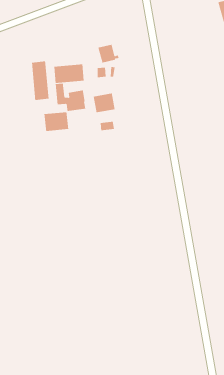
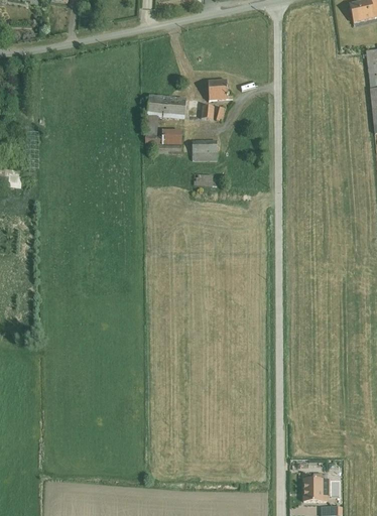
building: [31,61,49,101] -> none
building: [44,111,69,132] -> none

